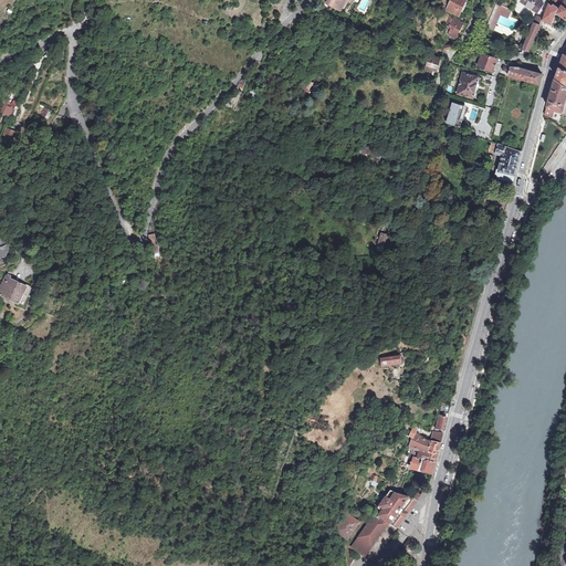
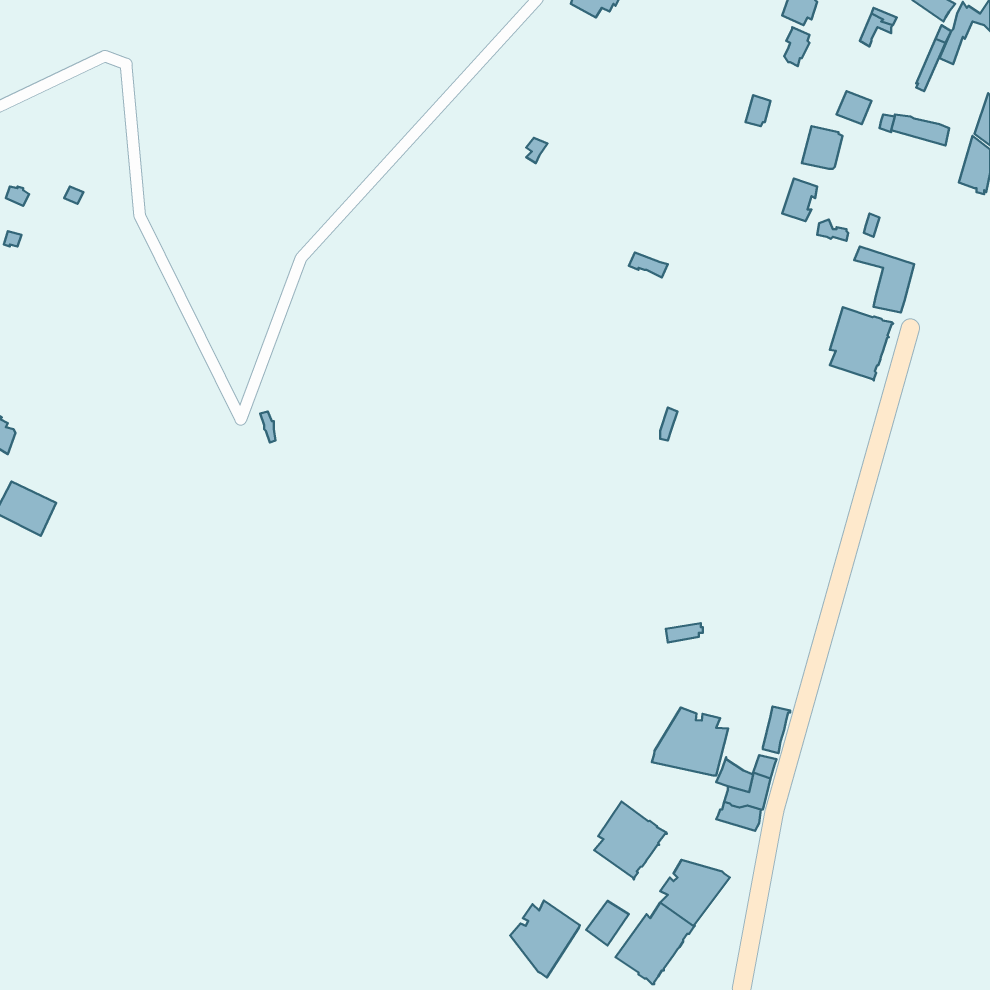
building: none -> [830,307,893,381]
building: none -> [652,708,728,776]
building: none -> [594,802,667,879]
building: none -> [510,900,580,977]

